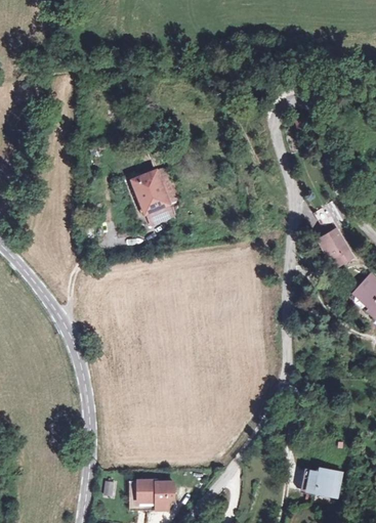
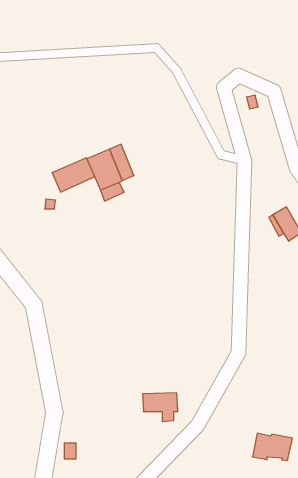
building: none -> [52,158,94,192]
building: [136,476,173,506] -> [142,393,178,421]

